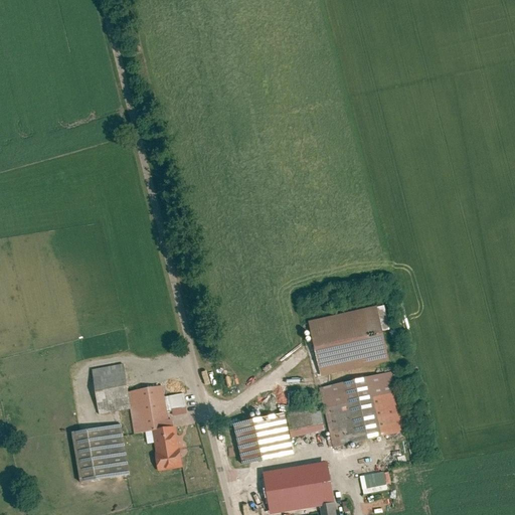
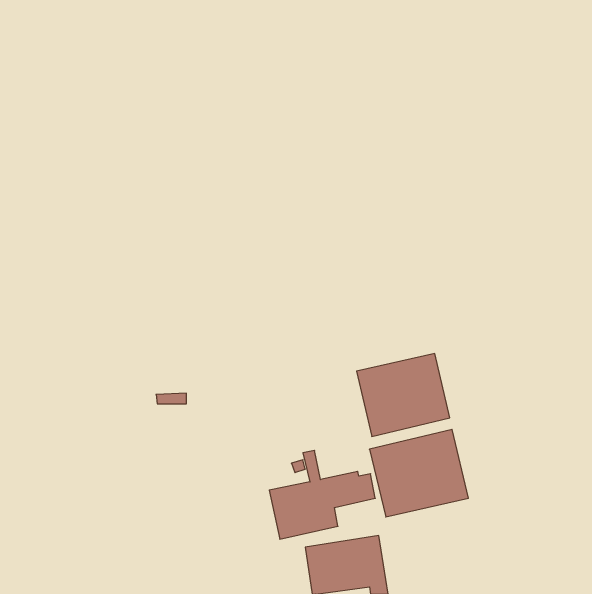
building: [92,363,185,470] -> none
building: [73,422,129,482] -> none
building: [358,470,387,494] -> none

